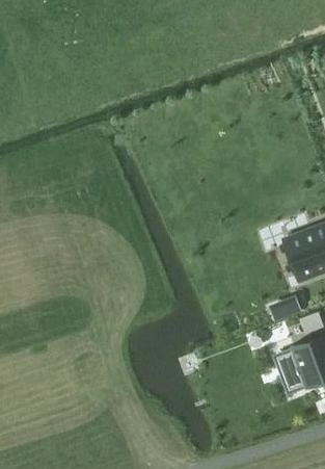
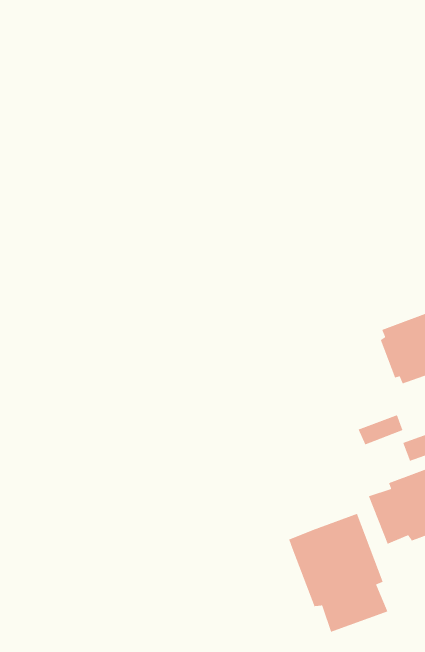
building: none -> [288,513,388,633]

